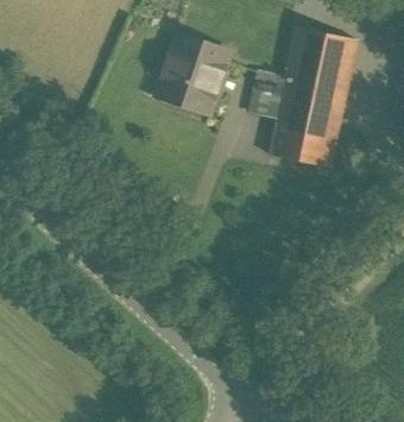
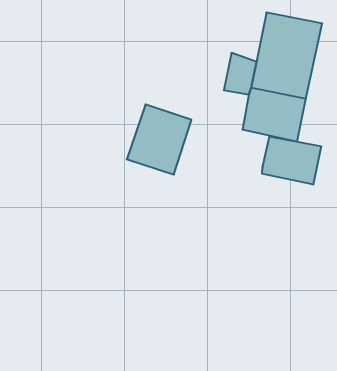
building: [159,34,229,111] -> [127,104,191,175]
building: none -> [262,136,321,185]

